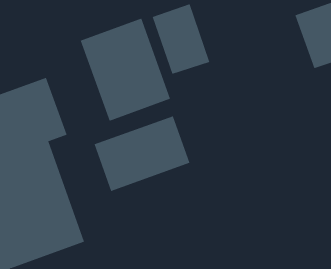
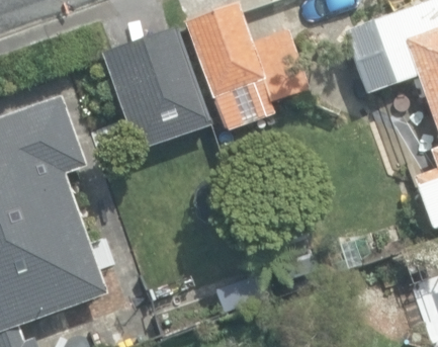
building: [94,115,190,192] -> none

